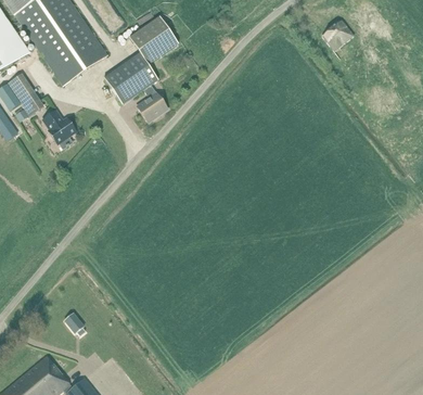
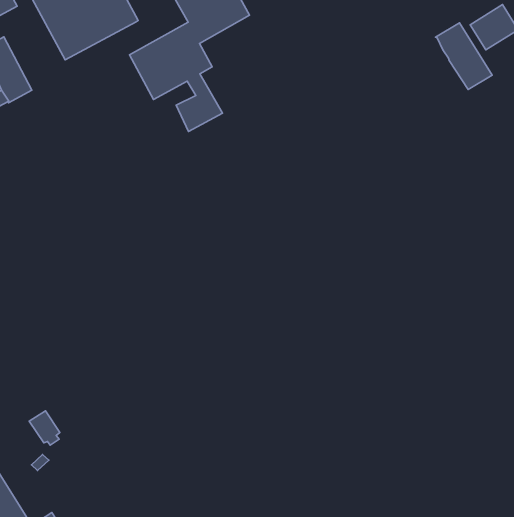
building: none -> [435,23,492,90]
building: [41,110,75,143] -> none

